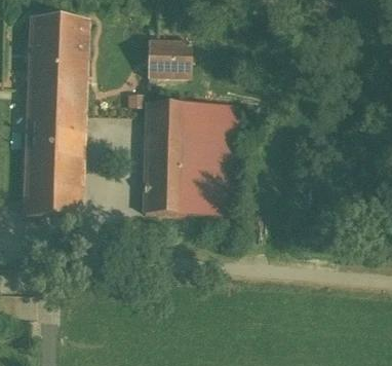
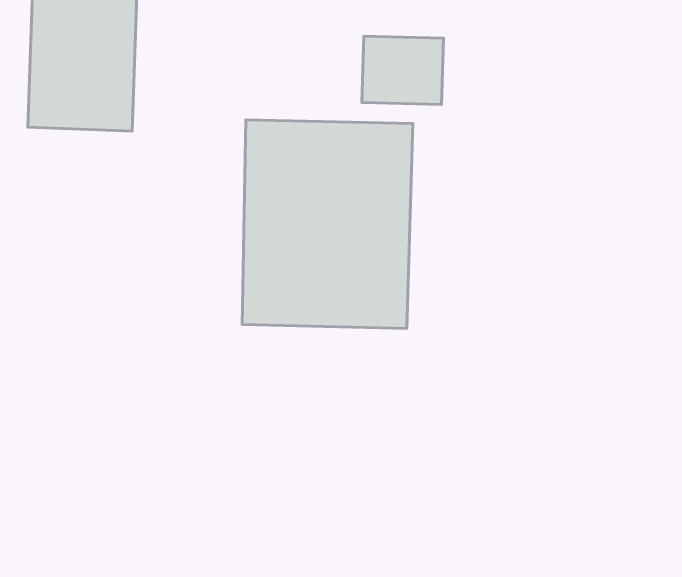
building: [147,40,191,77] -> [362,36,443,104]
building: [24,105,84,216] -> none

